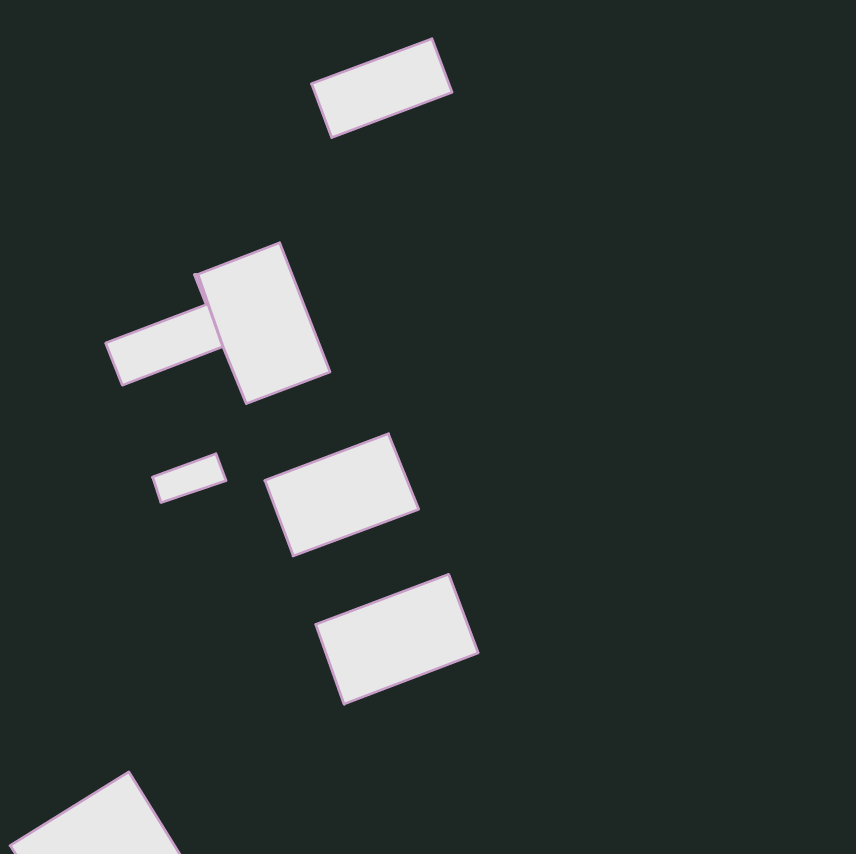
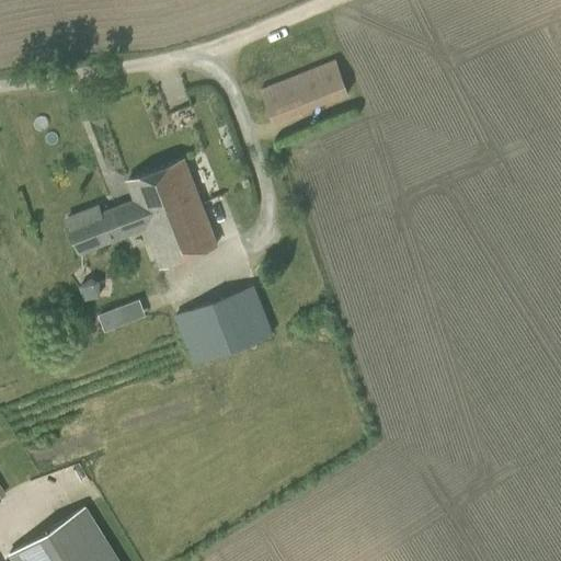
building: [311,39,452,138] -> [259,64,351,128]
building: [316,574,478,704] -> none

